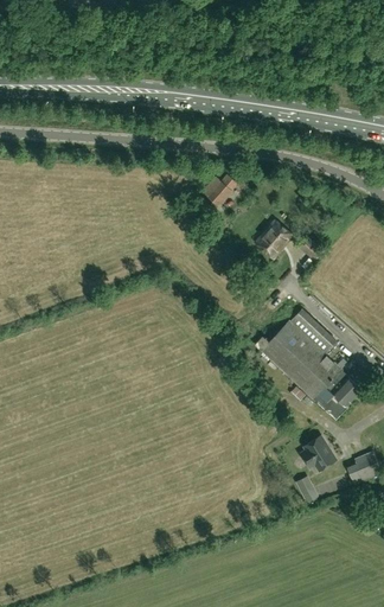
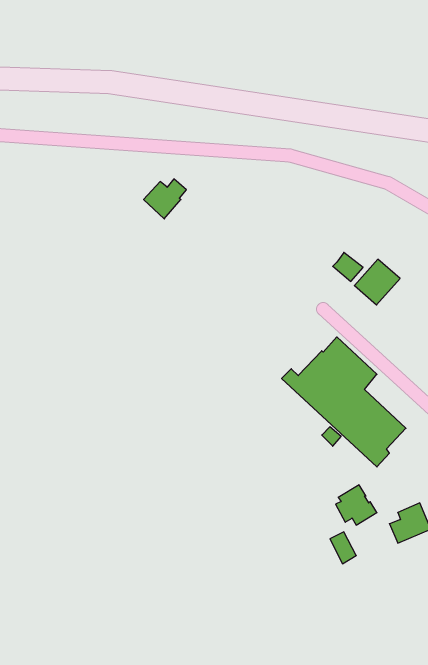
building: [200,173,237,207] -> [144,179,186,219]
building: [254,219,293,258] -> [354,259,400,305]

